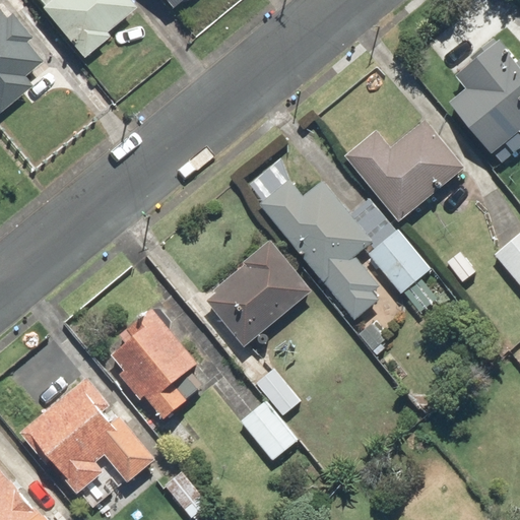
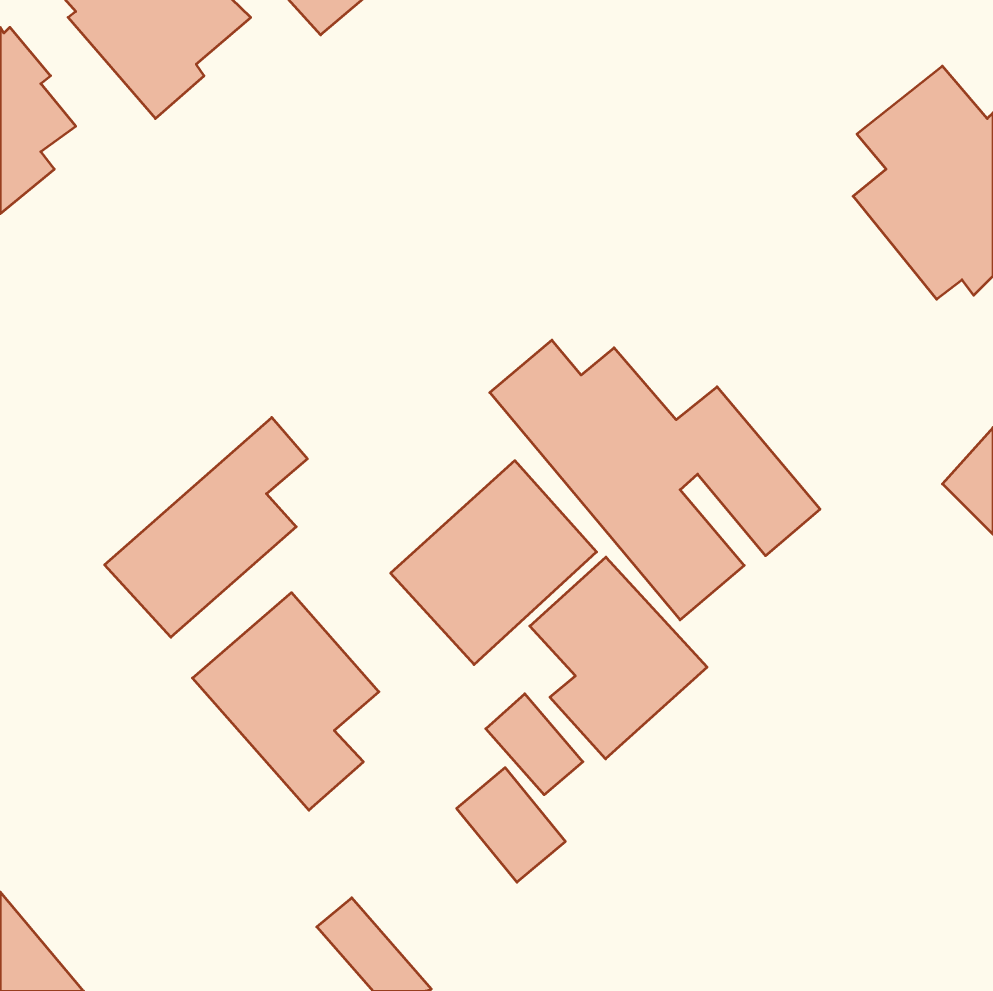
building: [341,118,467,224] -> none
building: none -> [105,417,307,637]
building: none -> [530,557,707,759]
building: [16,372,160,495] -> none

